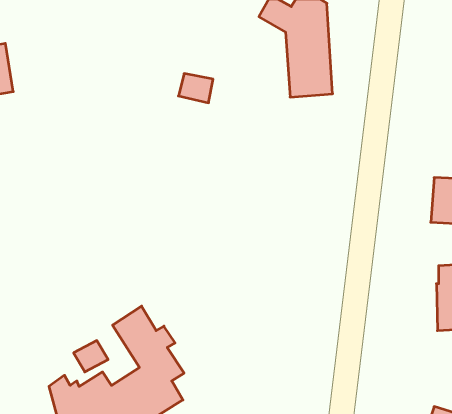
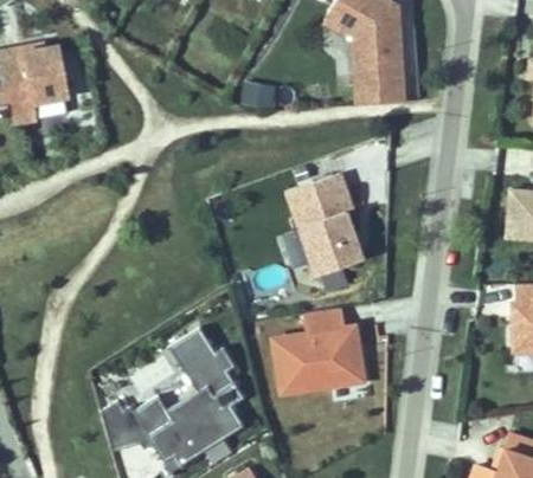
building: none -> [287,173,361,274]
building: none -> [274,308,364,393]

